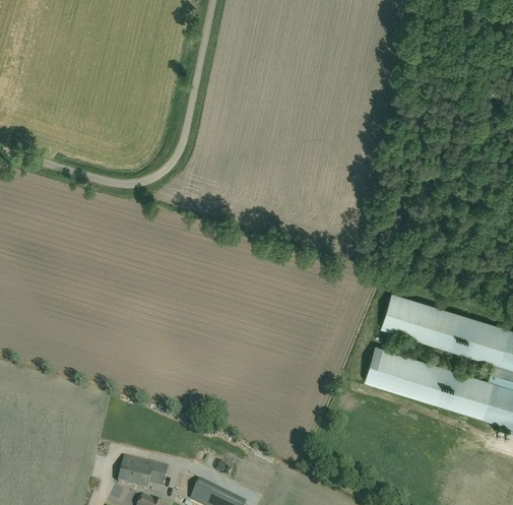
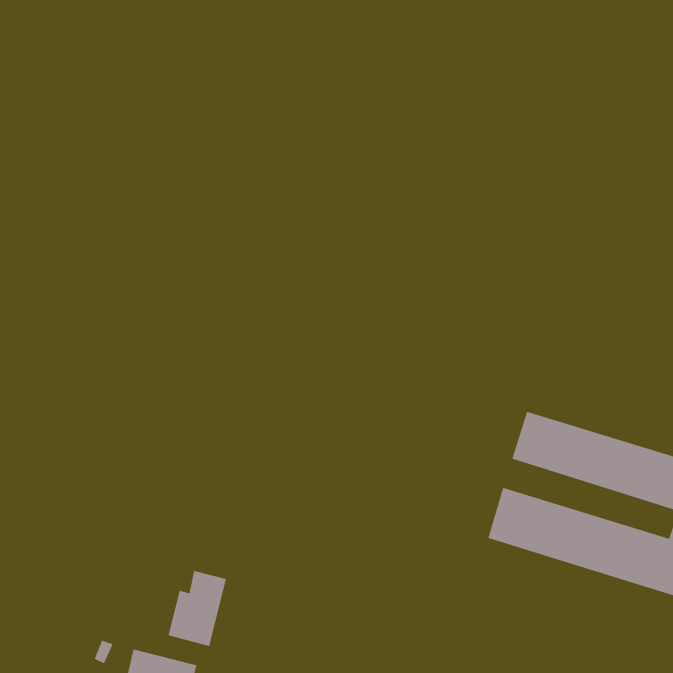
building: none -> [168,570,226,647]

